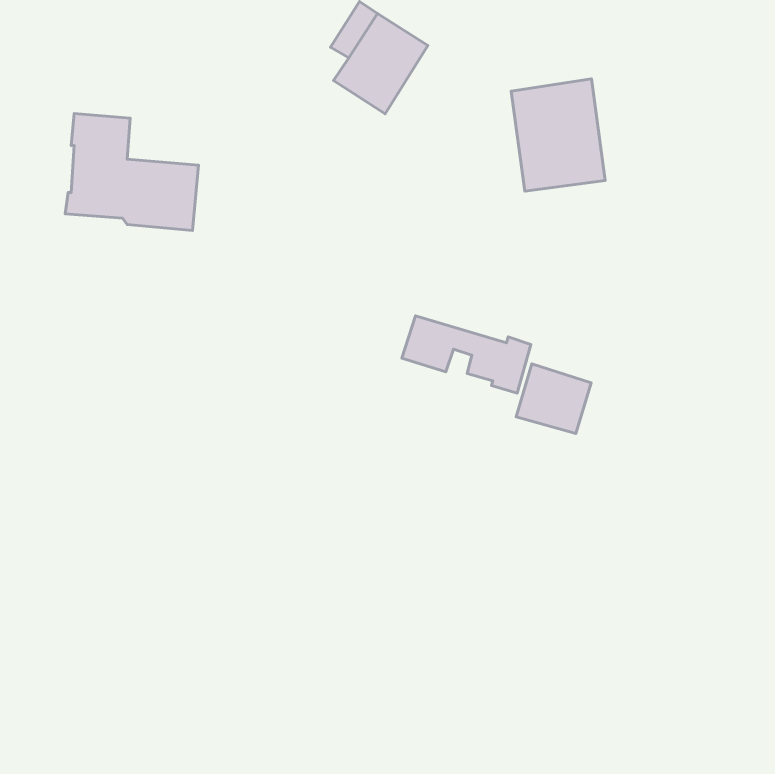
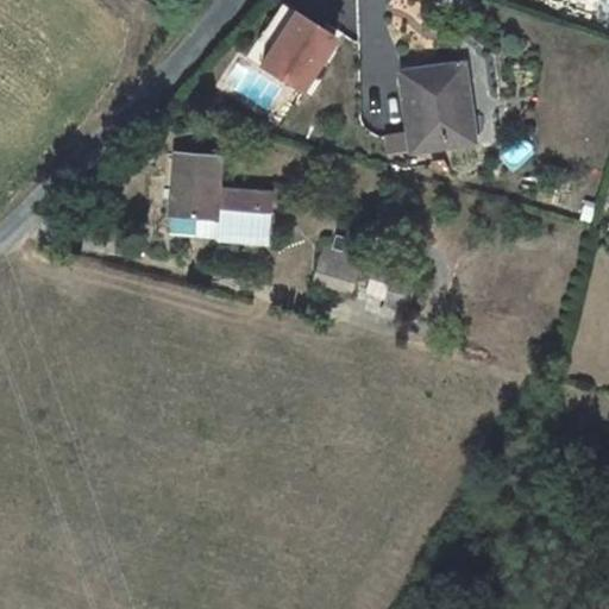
building: [65,114,198,230] -> [169,152,274,244]
building: [516,364,591,434] -> none

